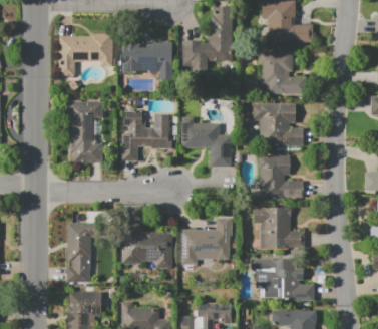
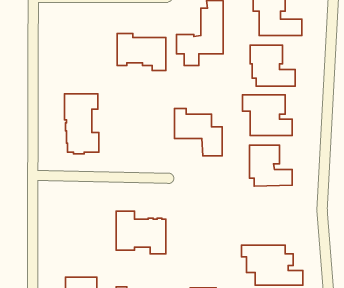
building: [59,33,115,76] -> none
building: [122,111,172,161] -> none
building: [254,207,291,249] -> none
building: [182,219,232,264] -> none
building: [66,223,98,282] -> none

